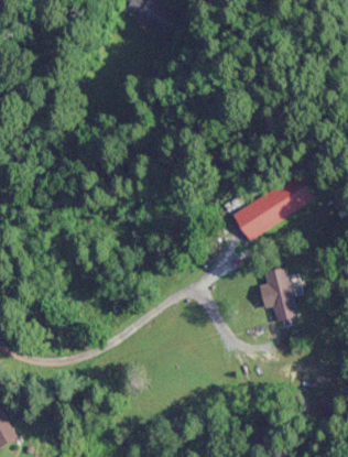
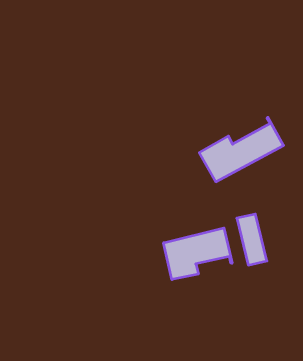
building: none -> [164,228,232,280]

